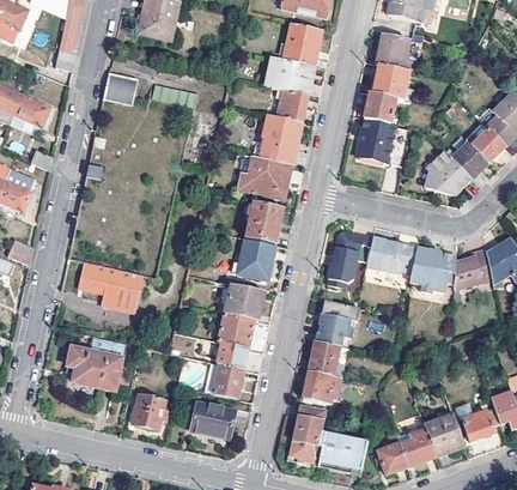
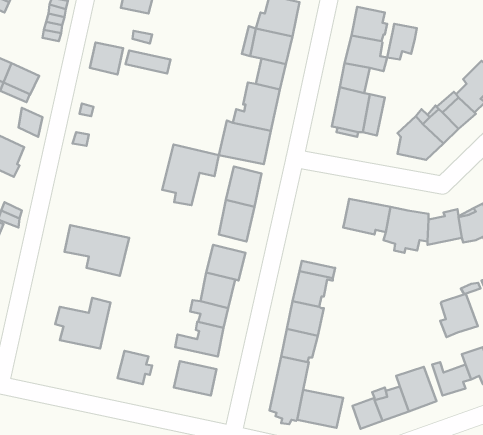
building: none -> [387,24,417,59]
building: none -> [162,145,219,205]
building: [328,230,373,288] -> none
building: none -> [440,294,478,337]

